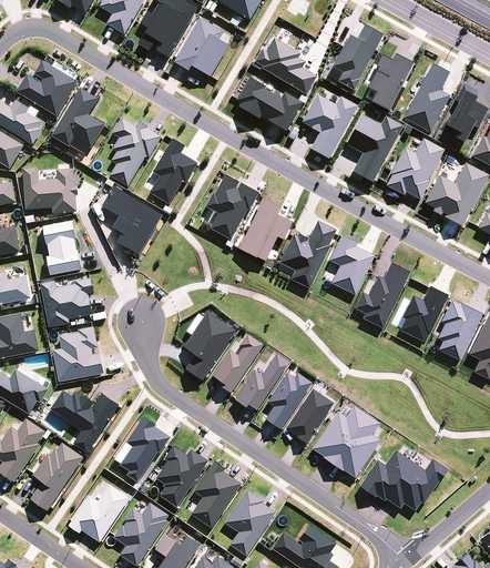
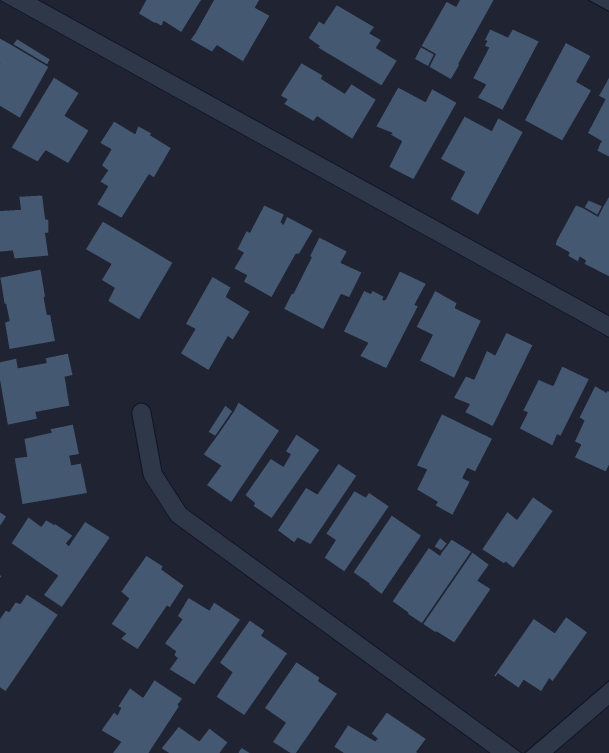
building: [387,138,445,199] -> none
building: [150,139,198,204] -> [180,276,251,371]
building: none -> [416,413,493,516]
building: [360,449,410,499] -> [481,496,554,569]
building: [69,484,130,541] -> none

